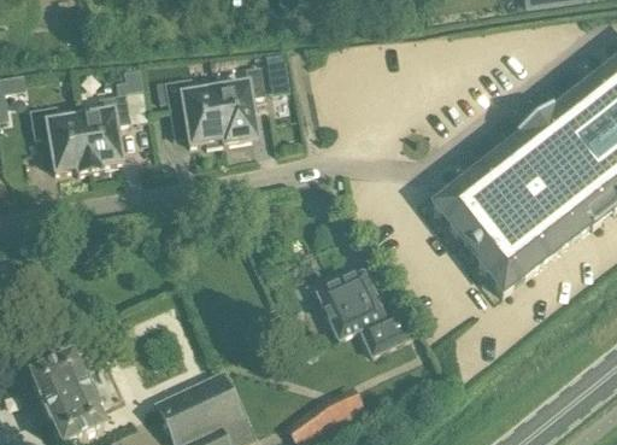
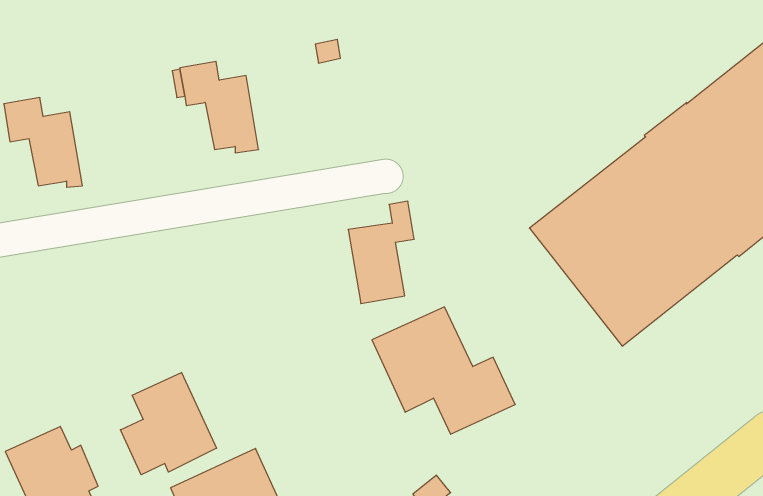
building: [215,62,265,140] -> [348,201,414,304]
building: [80,89,130,168] -> none
building: none -> [120,372,217,475]

